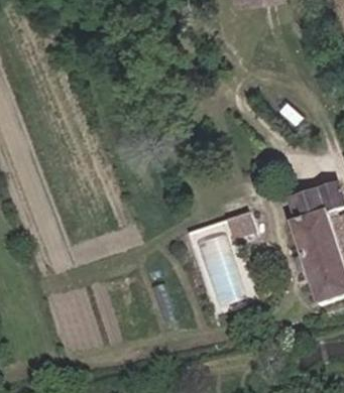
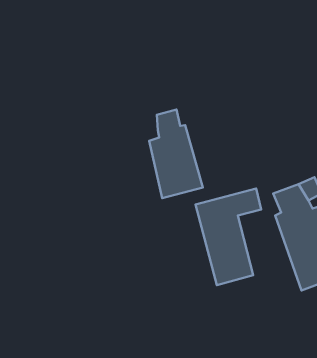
building: none -> [149,109,203,198]

